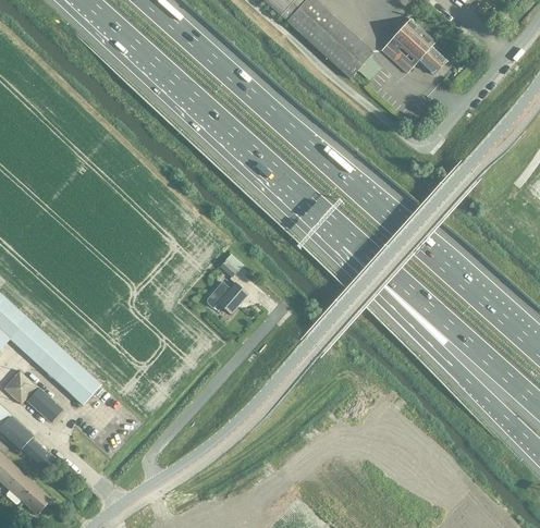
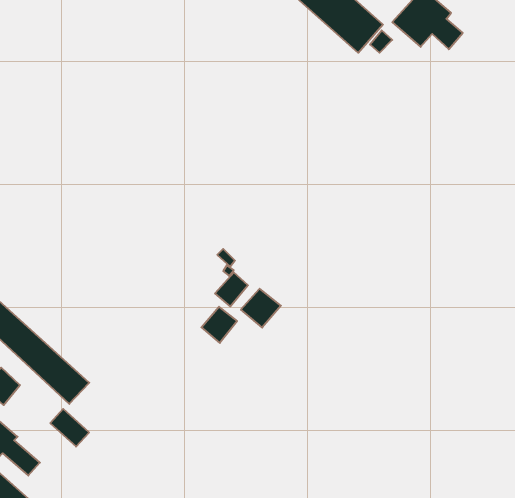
building: none -> [241,289,281,328]
building: none -> [201,307,237,343]
building: [25,386,61,421] -> [50,409,89,447]

